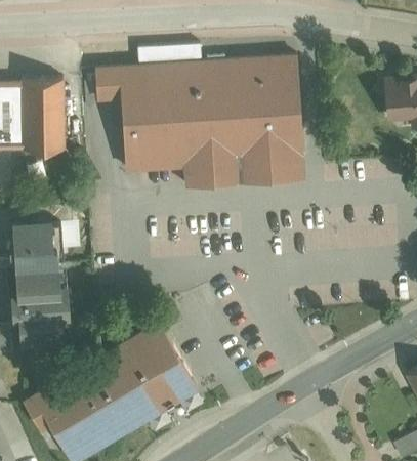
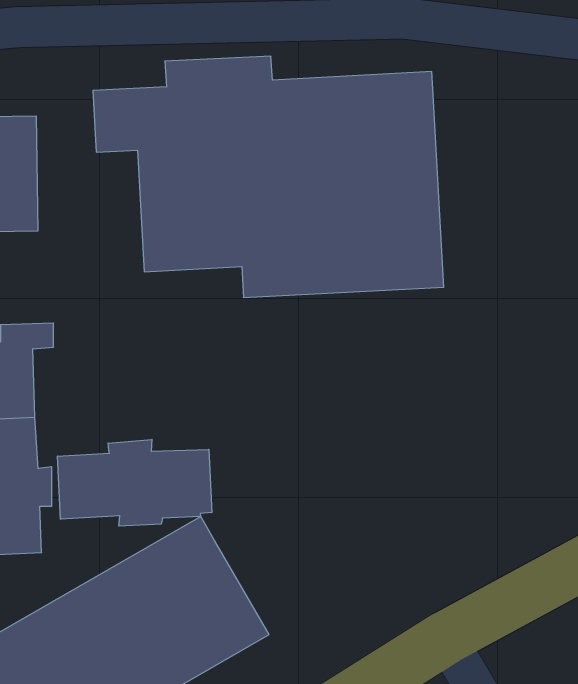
building: none -> [58,439,212,526]

